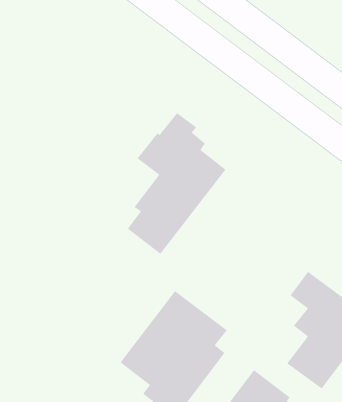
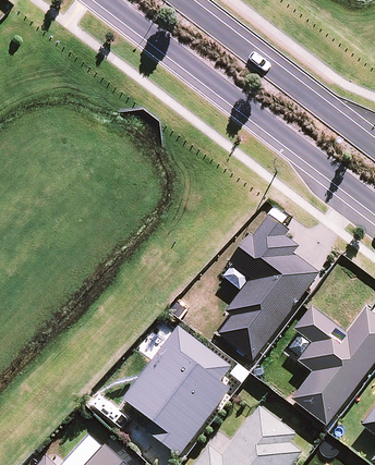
building: [127,112,226,255] -> [219,216,319,359]

